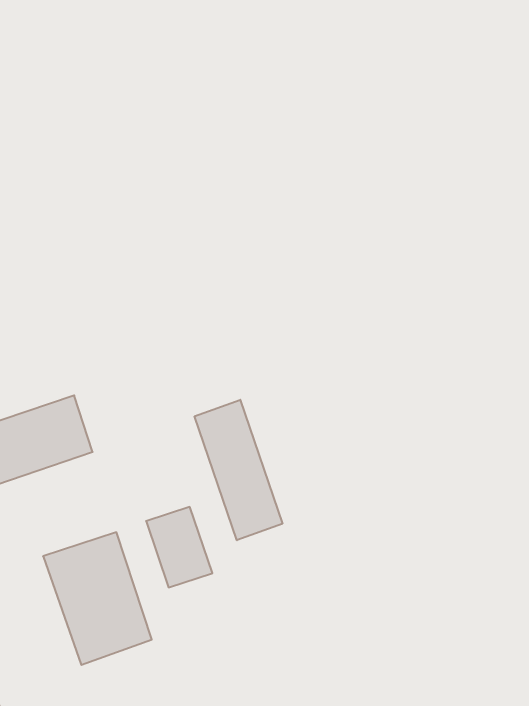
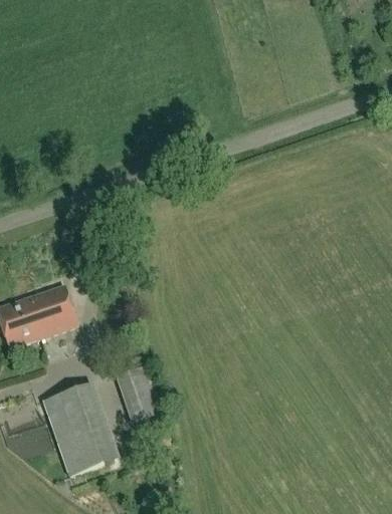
building: [195,400,282,540] -> none

